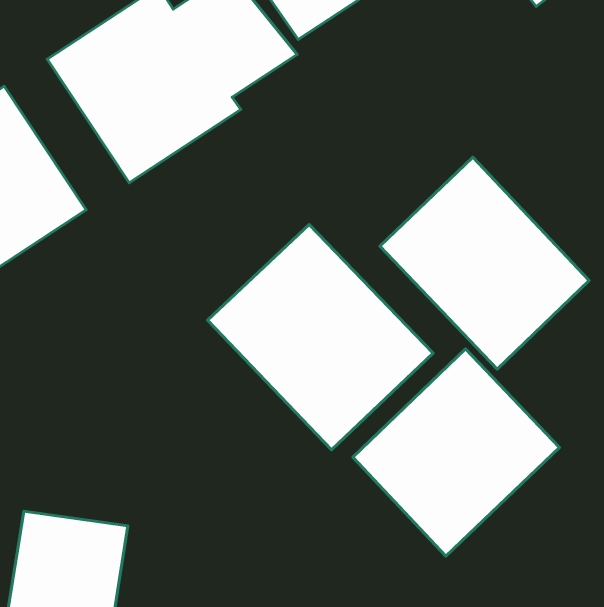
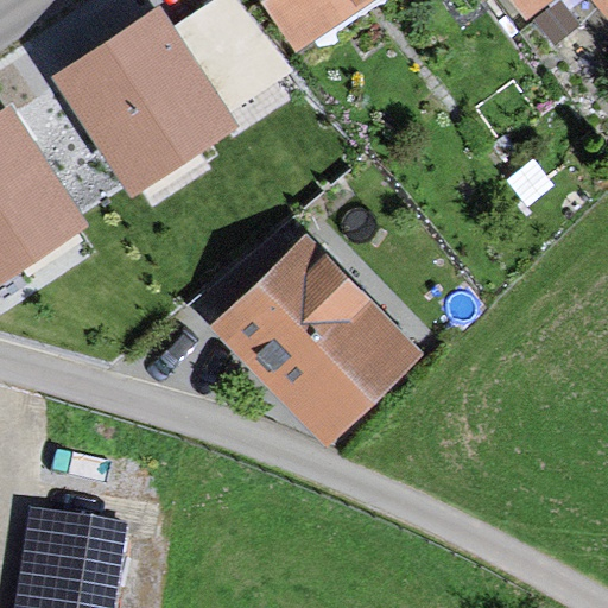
building: [380,157,589,369] -> none
building: [353,349,560,556] -> none

